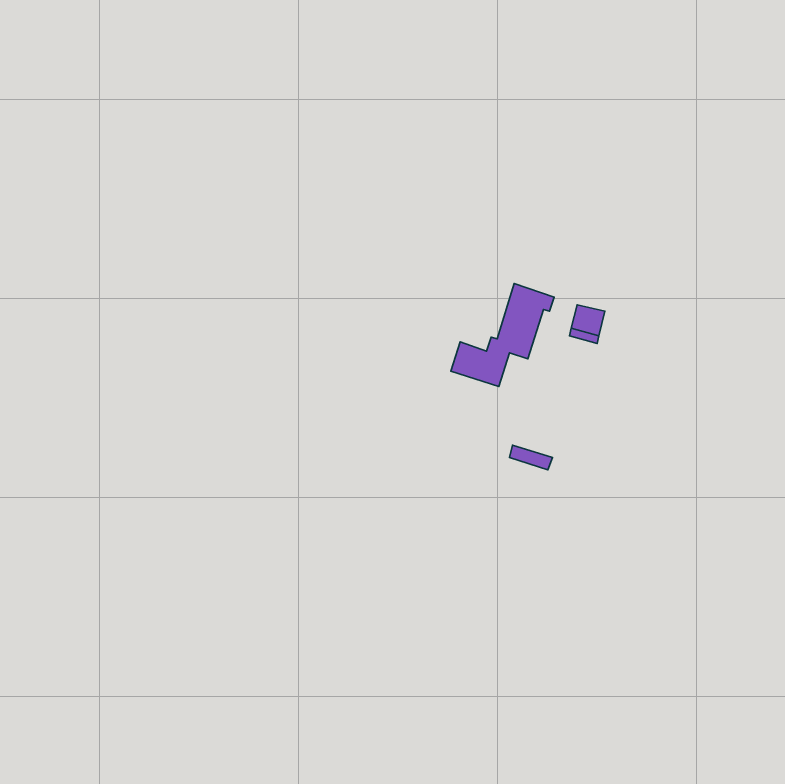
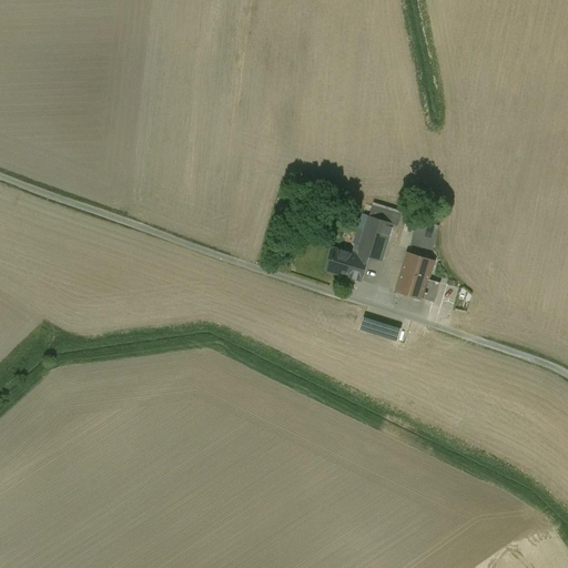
building: none -> [395,252,438,301]

